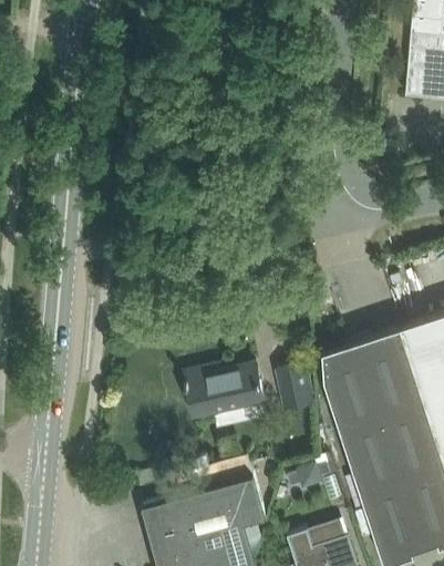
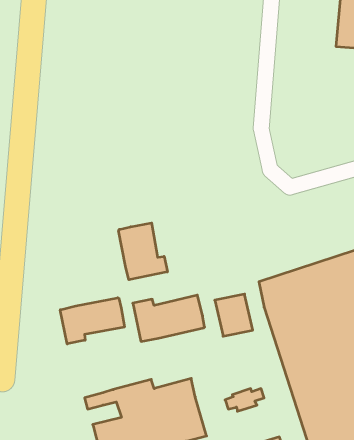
building: none -> [119,223,167,280]
building: none -> [60,298,124,344]

